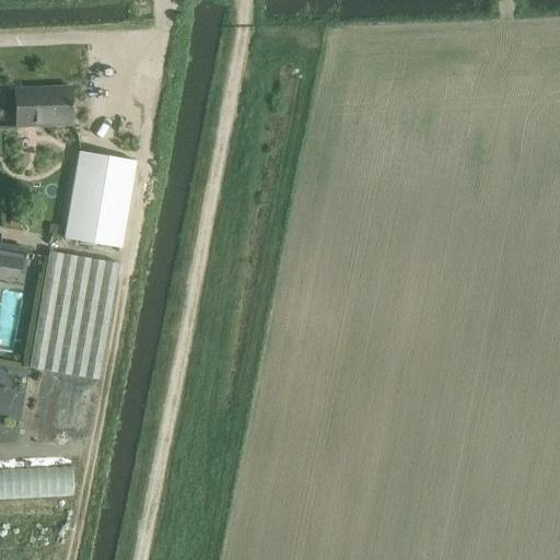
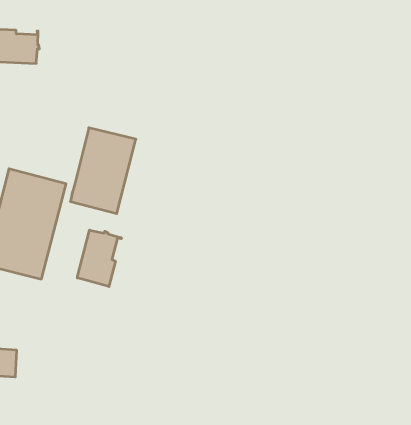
building: [66,149,137,247] -> [70,128,136,214]
building: none -> [77,230,121,287]

